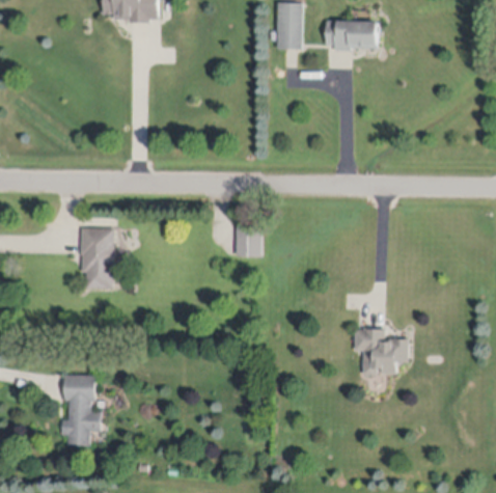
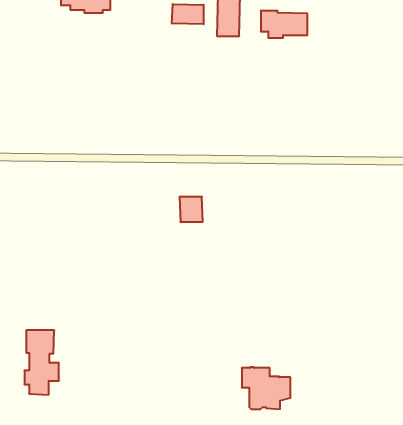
building: none -> [172,4,204,24]
building: [80,226,113,287] -> none
building: [354,328,408,375] -> [242,367,290,409]

